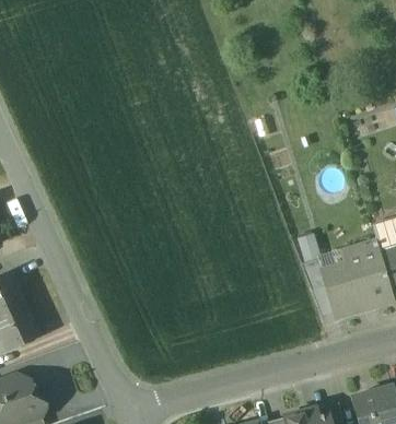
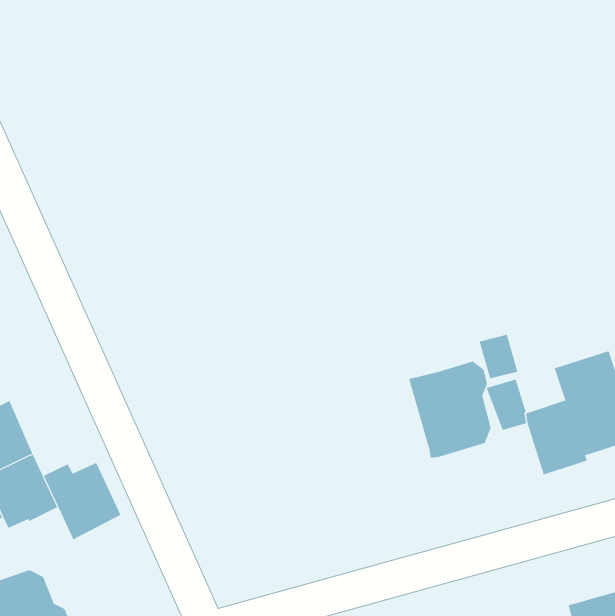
building: none -> [408,360,491,459]
building: none -> [43,462,121,540]

